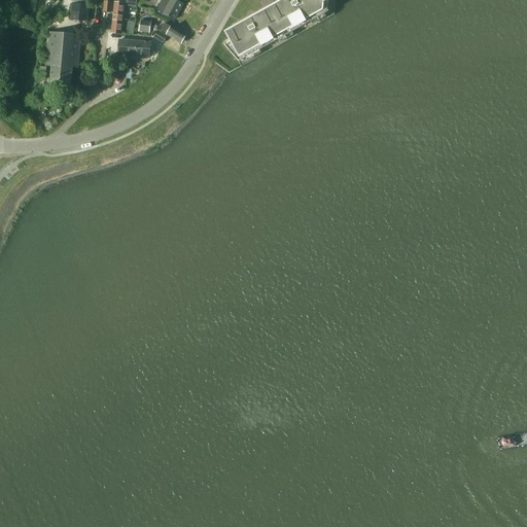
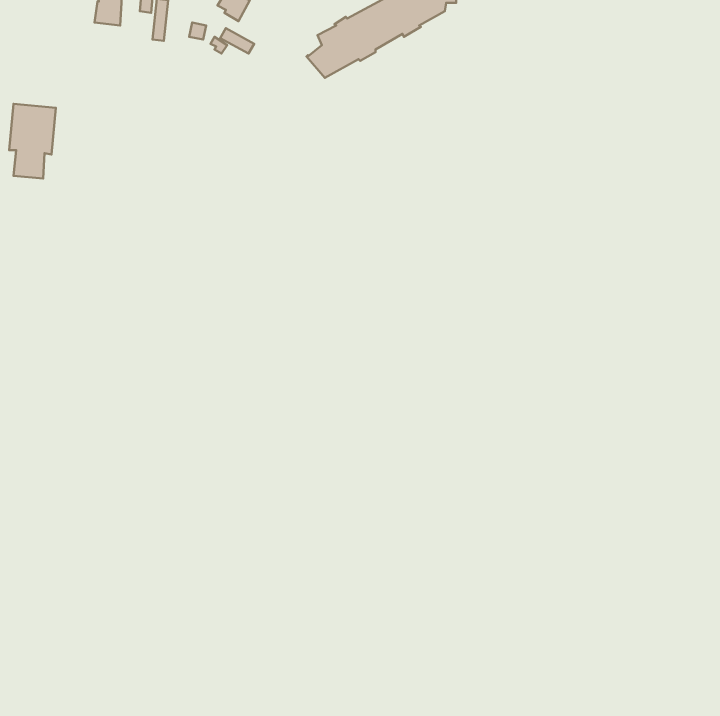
building: [45,28,79,82] -> [9,104,56,179]
building: [117,36,149,54] -> none

